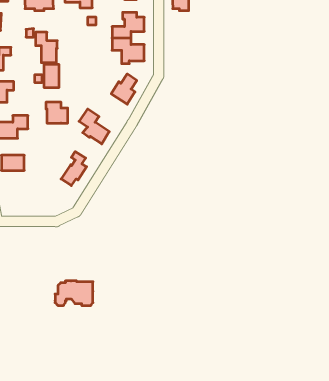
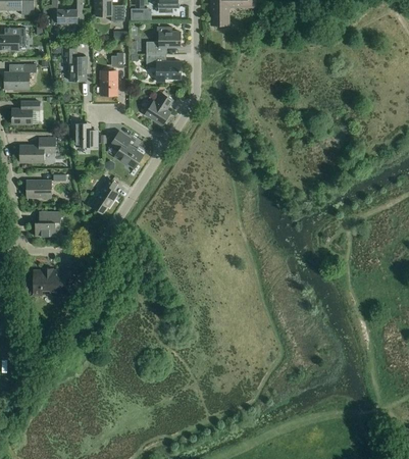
building: [44,65,59,87] -> [100,70,116,95]
building: none -> [34,211,60,236]
building: [55,281,93,305] -> [30,268,70,295]

